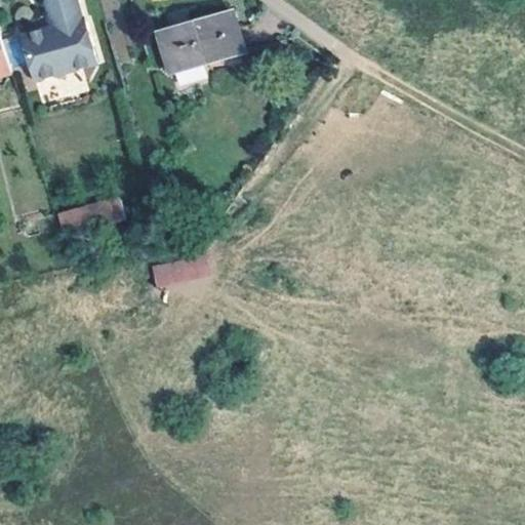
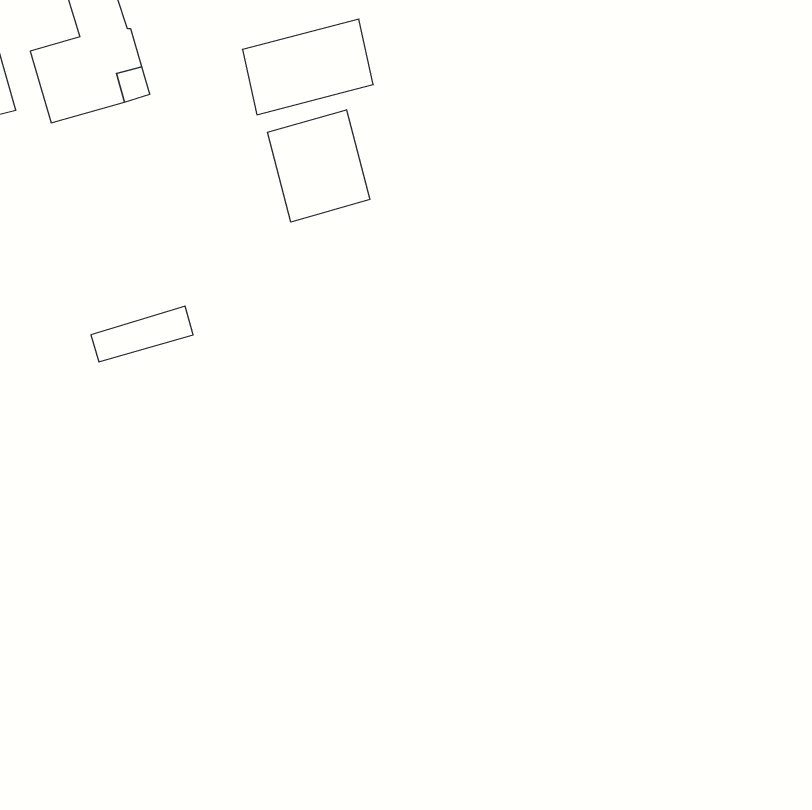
building: none -> [268,110,370,222]
building: [150,253,209,282] -> none

